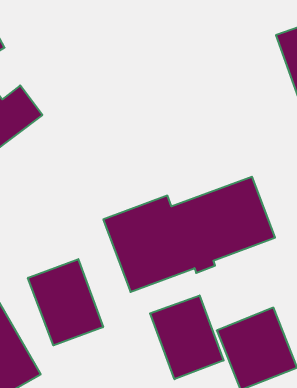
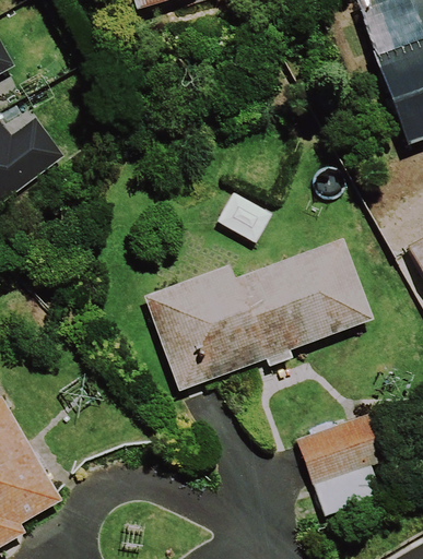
building: [28,259,103,345] -> none
building: [150,295,224,379] -> none

